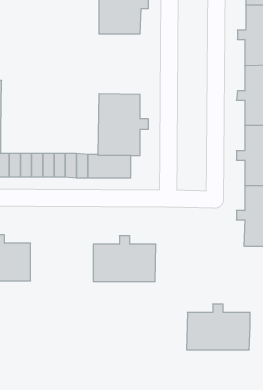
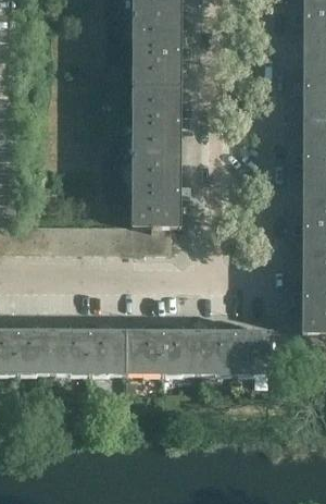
building: none -> [133,86,190,157]
building: none -> [53,321,126,374]
building: [187,304,250,350] -> [198,321,272,374]

